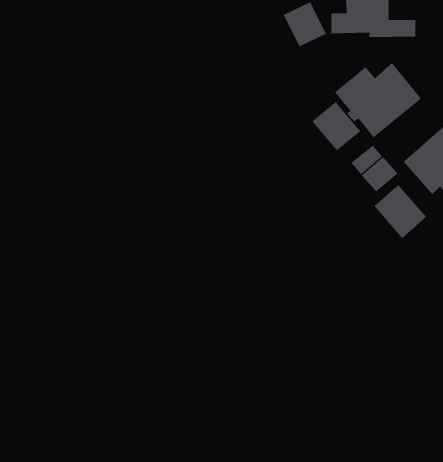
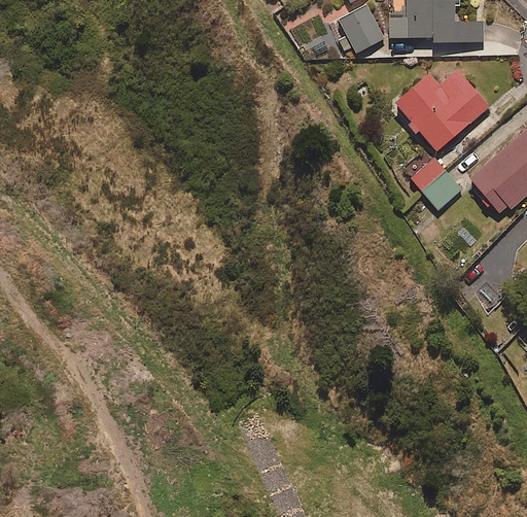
building: [311,101,361,151] -> none
building: [374,184,427,239] -> none

